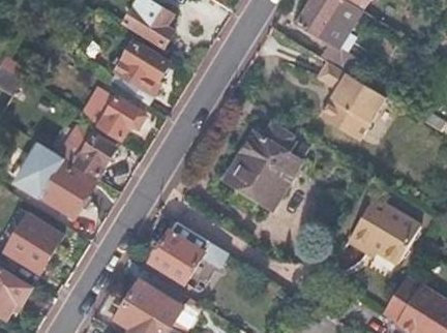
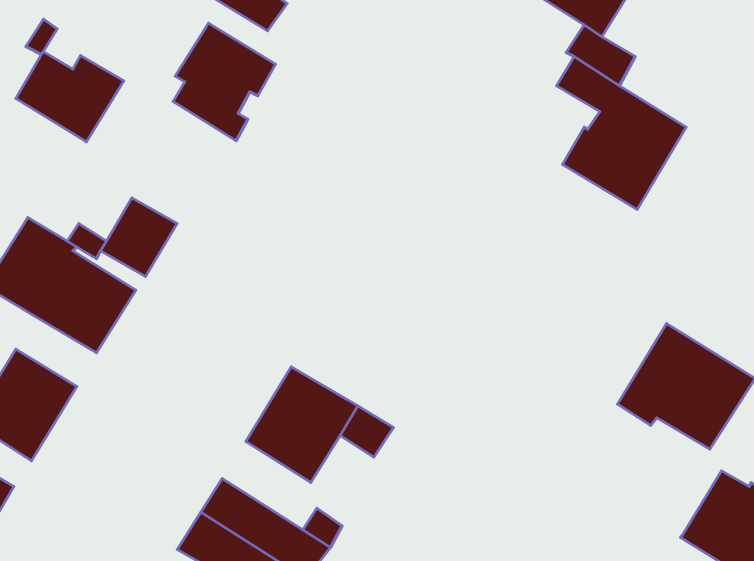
building: [81,92,138,140] -> [16,51,124,142]
building: [227,124,302,208] -> none

